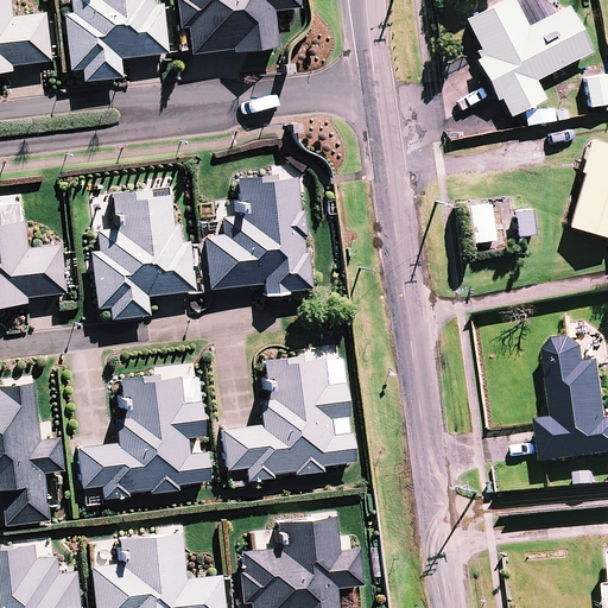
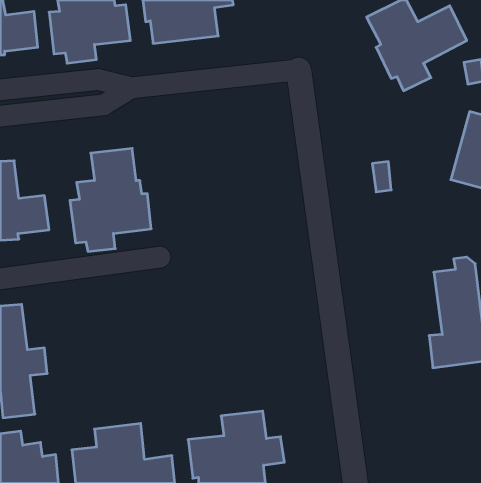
building: [208,176,309,293] -> none
building: [226,352,349,479] -> none
building: [81,370,205,498] -> none

